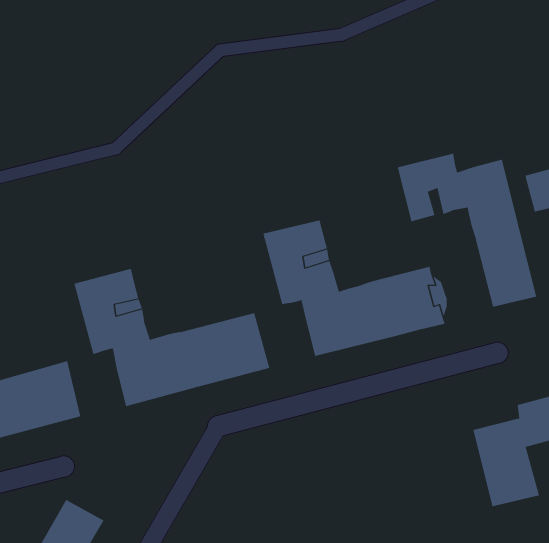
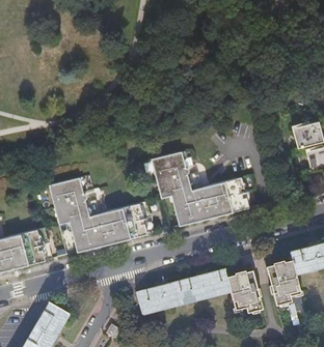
building: [397,153,537,308] -> none
building: none -> [135,269,263,318]

